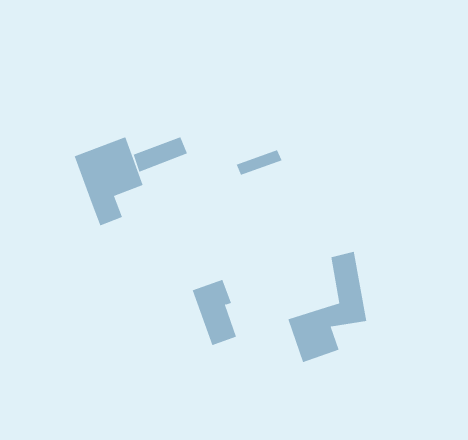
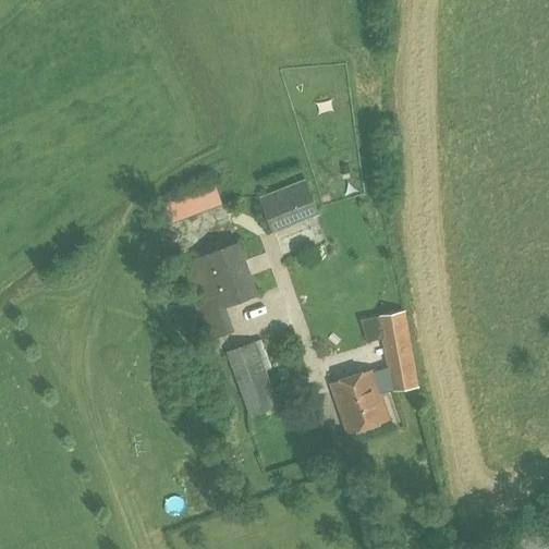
building: none -> [268,179,309,213]
building: [74,136,144,226] -> [181,242,257,340]

